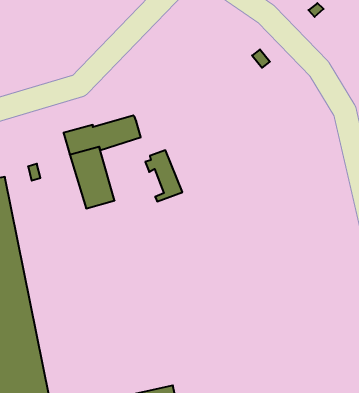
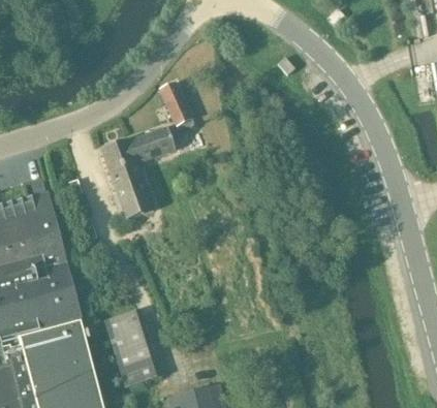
building: [145,150,182,201] -> [156,83,193,132]
building: none -> [105,311,159,385]

